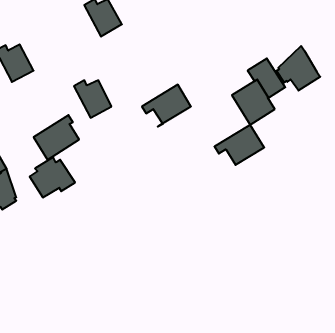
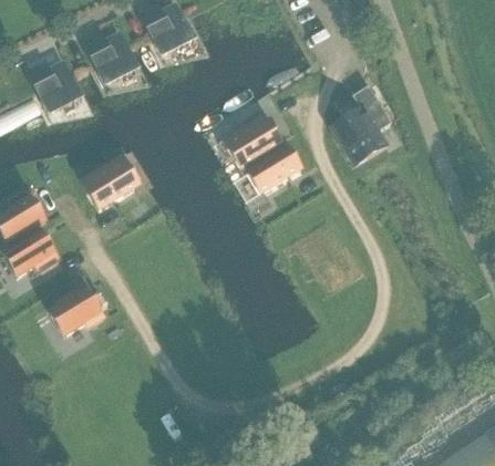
building: [276,46,320,91] -> none
building: [74,80,111,118] -> [89,34,136,82]
building: [214,125,264,165] -> [238,139,301,190]
building: [30,157,75,197] -> [48,284,105,335]

